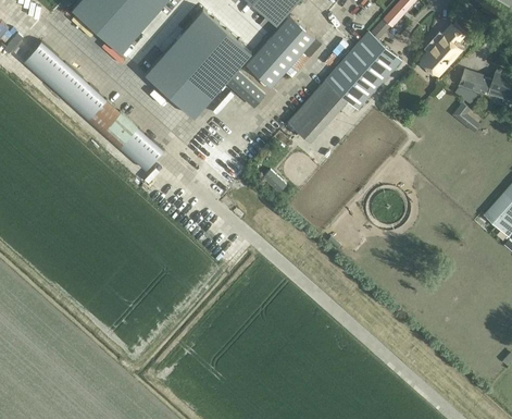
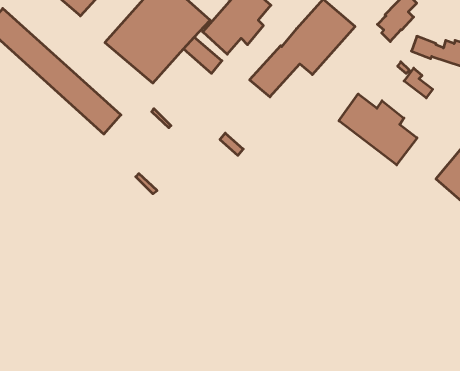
building: none -> [339,94,417,165]

